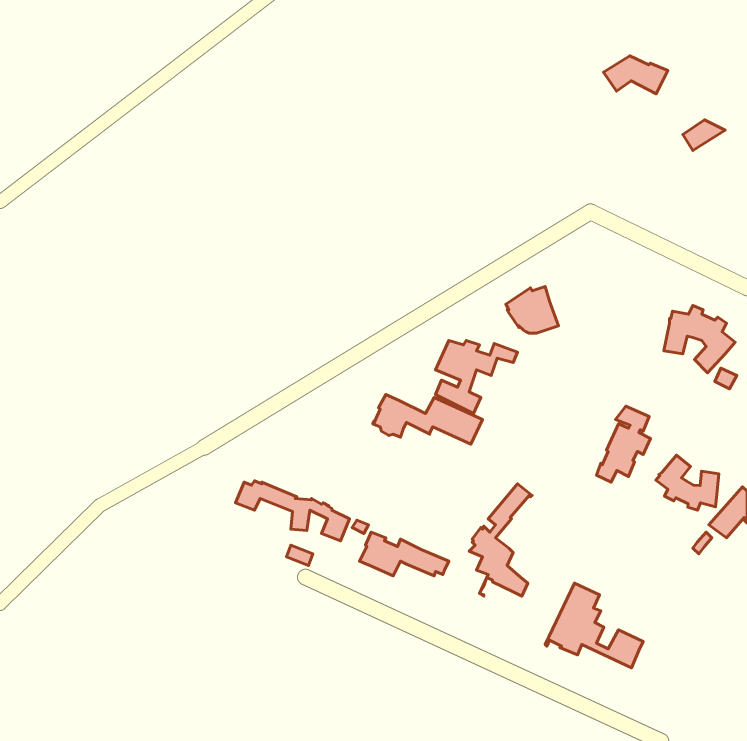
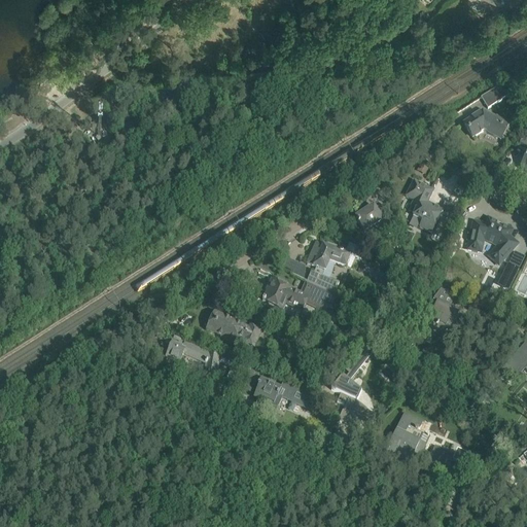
building: [603,56,668,94] -> [463,110,508,137]
building: none -> [406,178,457,230]
building: none -> [207,310,261,344]
building: [656,455,719,510] -> none

